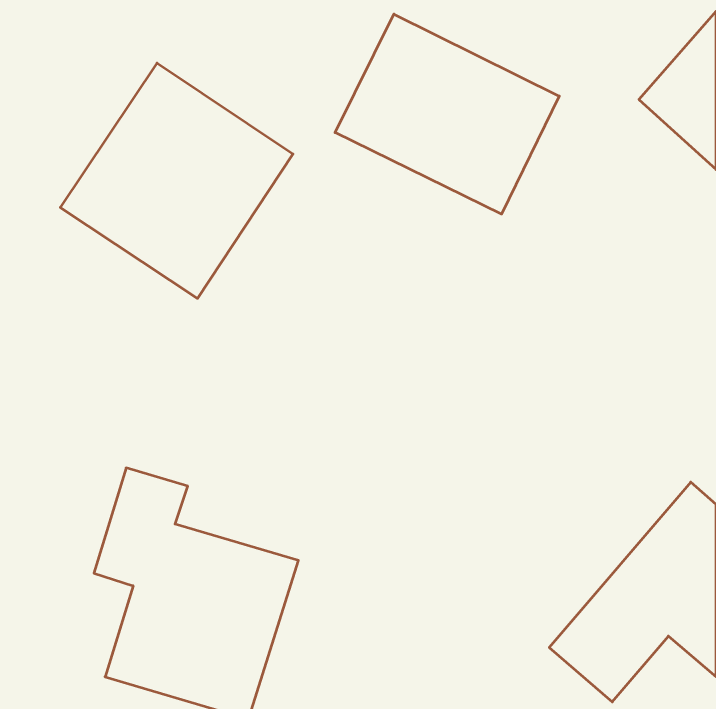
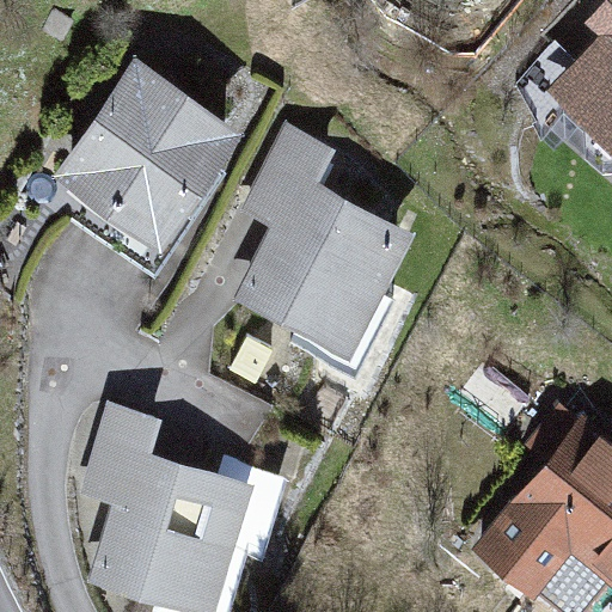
building: [335,14,559,214] -> none
building: none -> [235,128,412,359]

